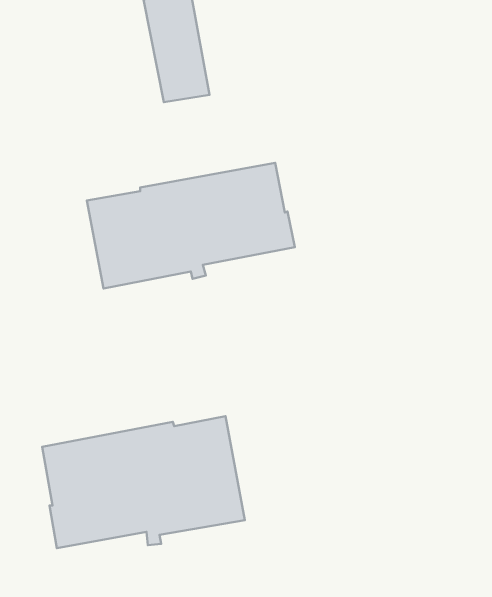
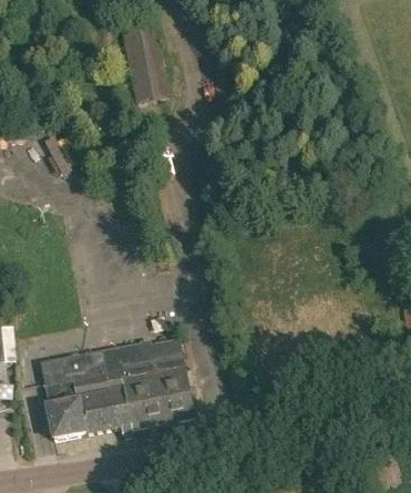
building: [87,163,295,289] -> none

